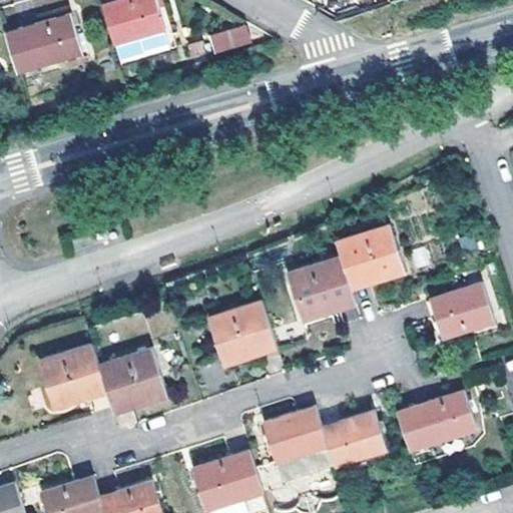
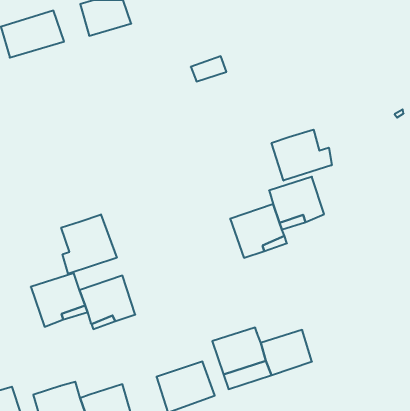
building: [203,27,247,58] -> [191,56,226,81]
building: none -> [272,130,332,181]
building: none -> [61,214,117,274]
building: [429,279,495,336] -> none
building: [208,302,279,368] -> none
building: [398,390,478,450] -> none

